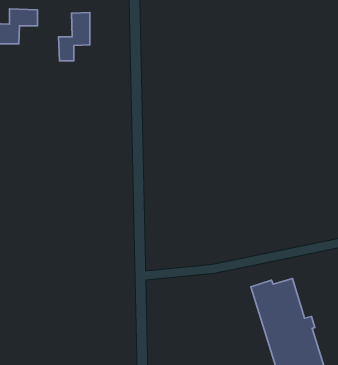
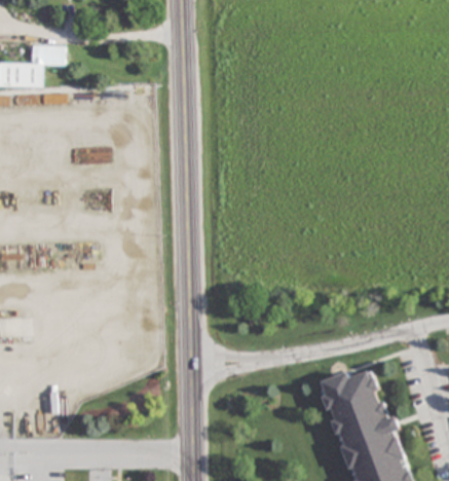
building: [59,13,90,61] -> none

